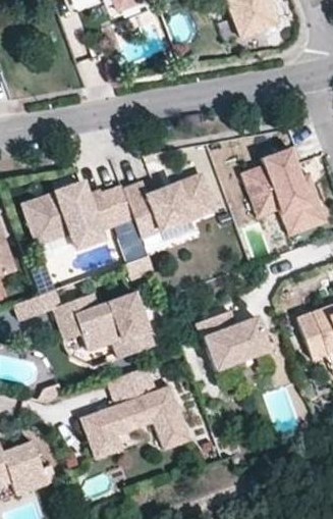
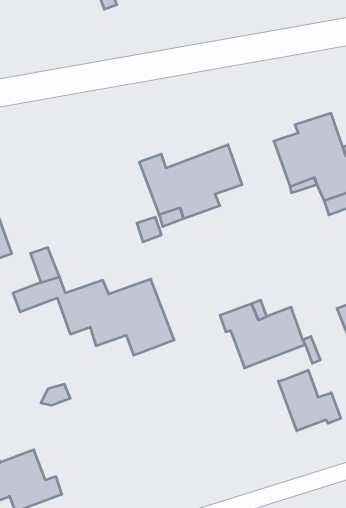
building: [22,184,134,248] -> none
building: [80,367,191,460] -> none
building: none -> [278,370,341,431]

